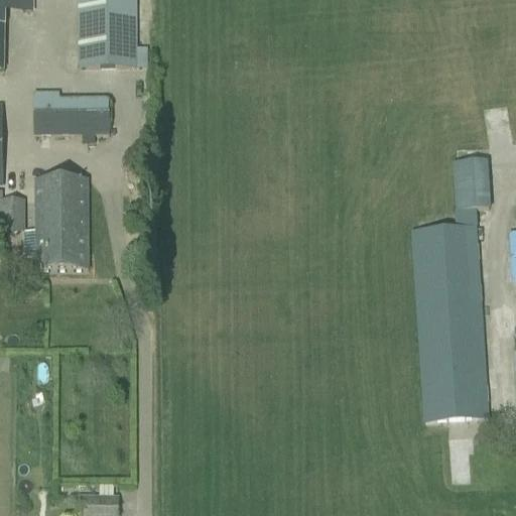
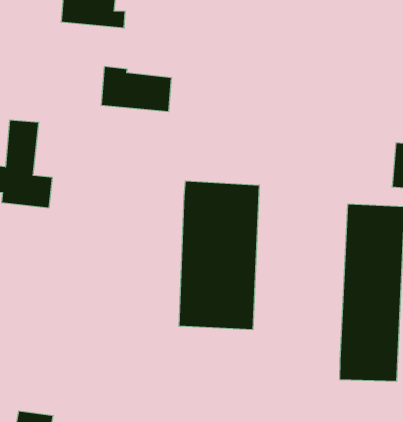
building: [34,91,110,133] -> [101,67,172,112]
building: [68,176,89,235] -> none
building: none -> [179,181,259,330]

